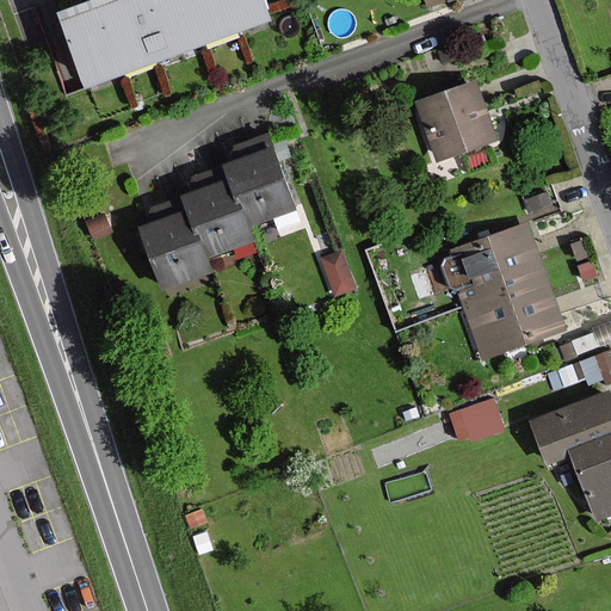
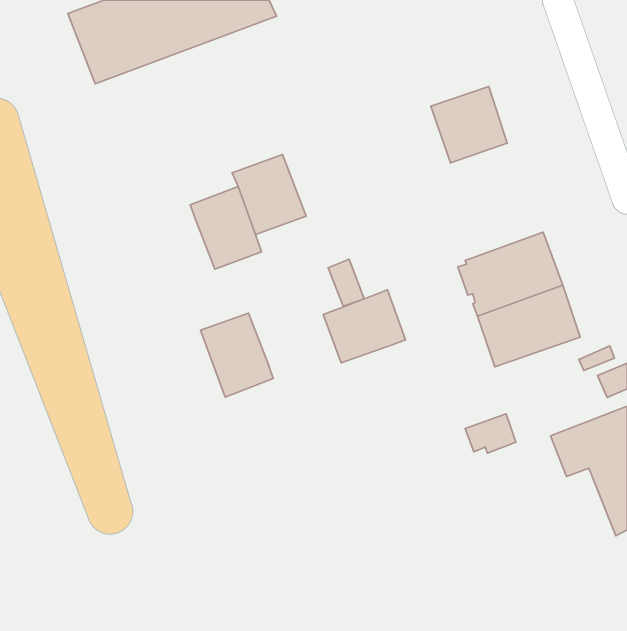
building: [142,211,212,292] -> [200,313,273,397]
building: none -> [323,290,405,363]

